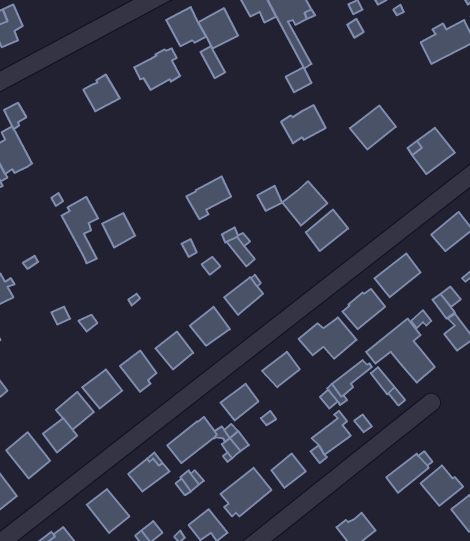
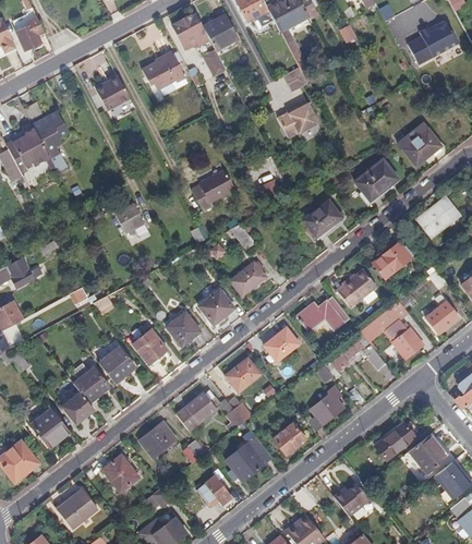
building: [350,106,396,149] -> [353,160,396,201]
building: [282,181,327,226] -> none
building: [61,197,98,263] -> [36,110,70,171]

